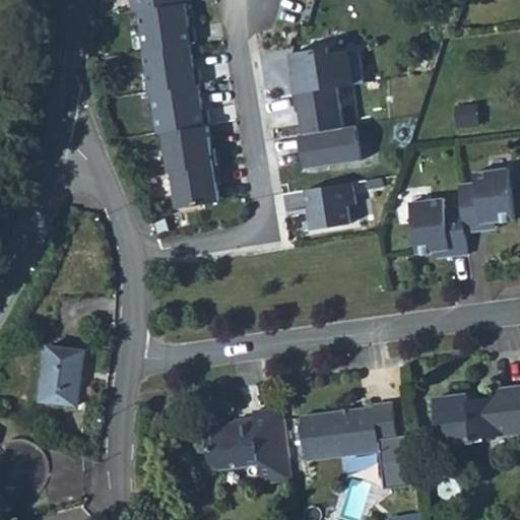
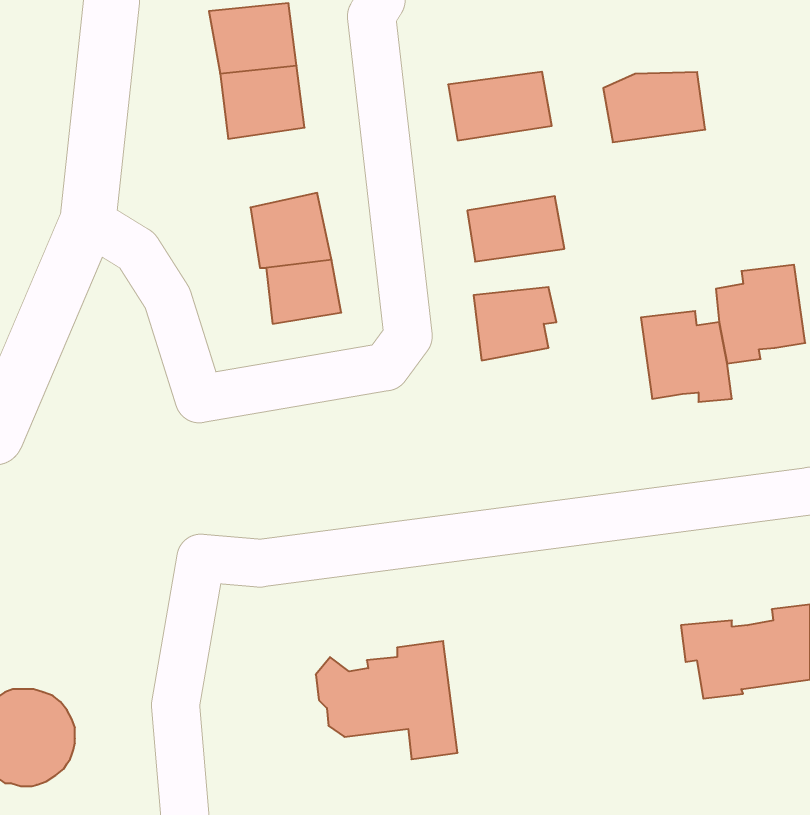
building: [145,81,202,133] -> none
building: [291,85,356,130] -> [603,72,705,142]
building: [40,345,83,404] -> none
building: [300,401,416,488] -> none

